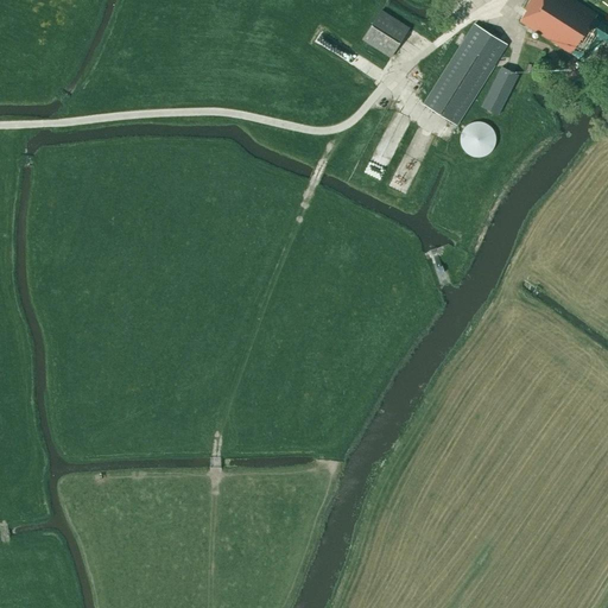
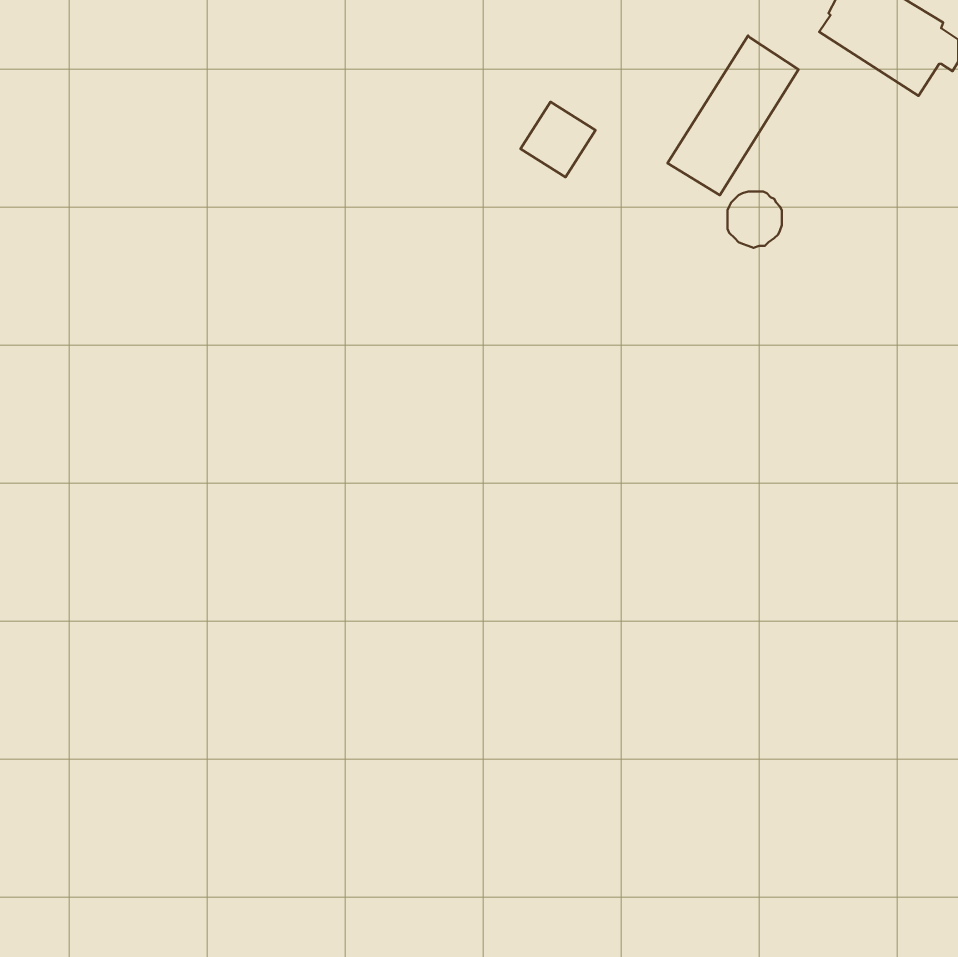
building: [362,10,410,57] -> [520,102,595,177]
building: [481,65,519,115] -> none

